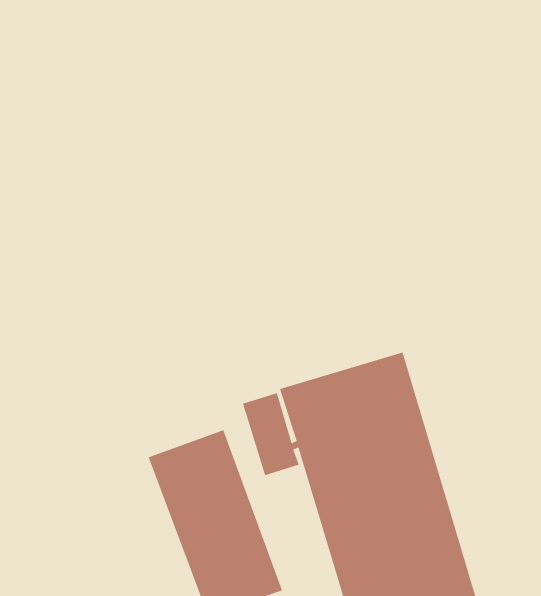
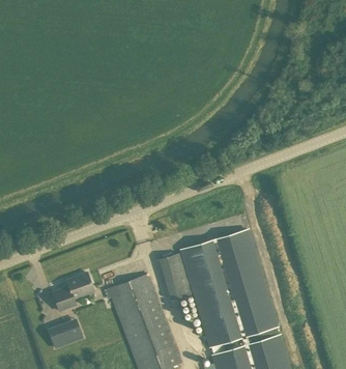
building: none -> [52,273,94,311]
building: none -> [47,317,83,348]

